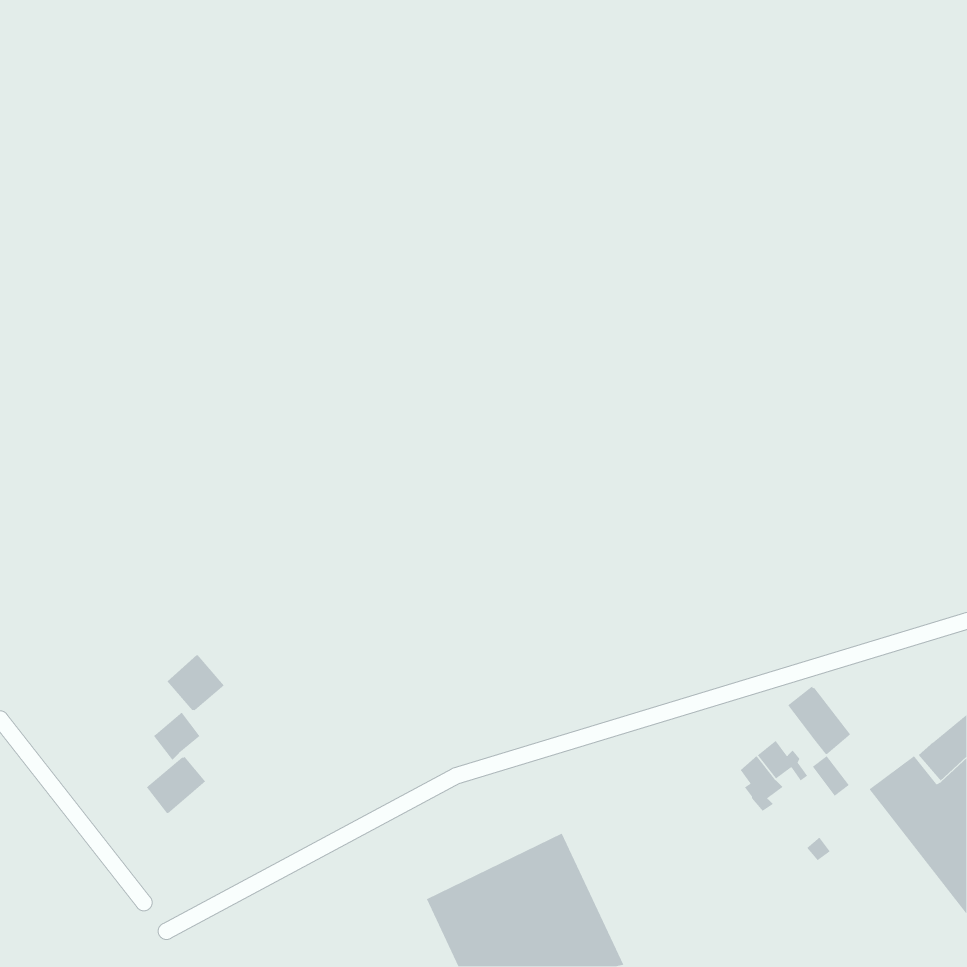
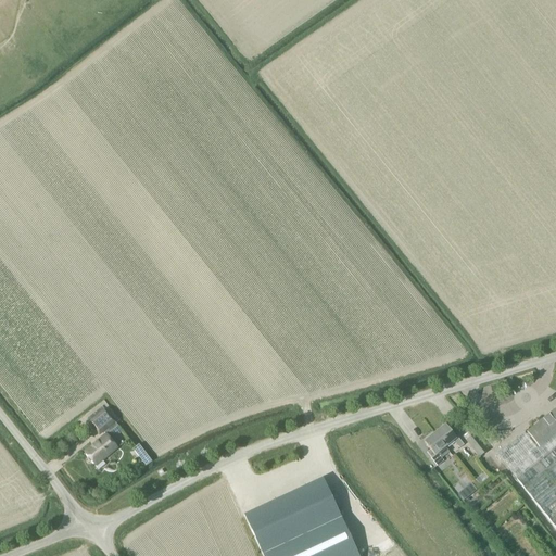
building: [166,655,225,713] -> none
building: [787,685,851,755] -> none

